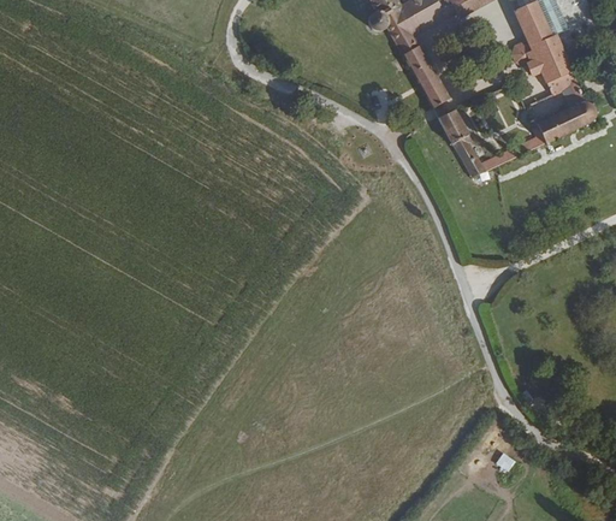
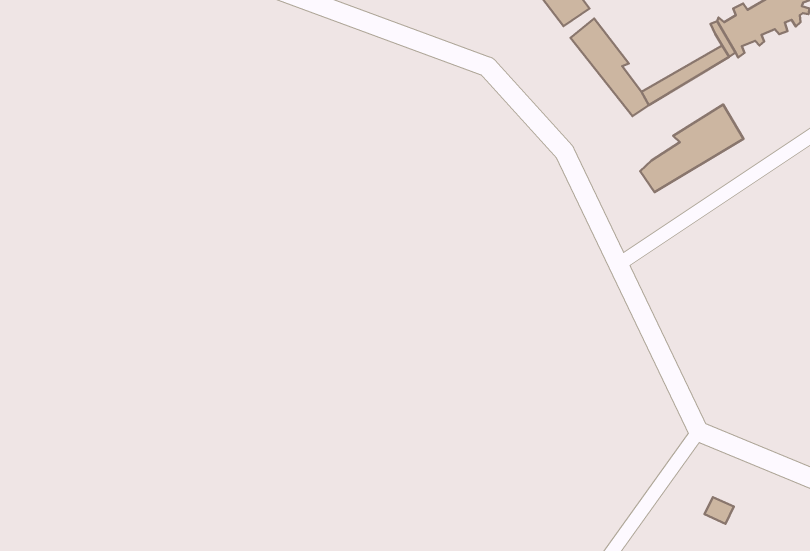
building: none -> [640,104,743,192]

